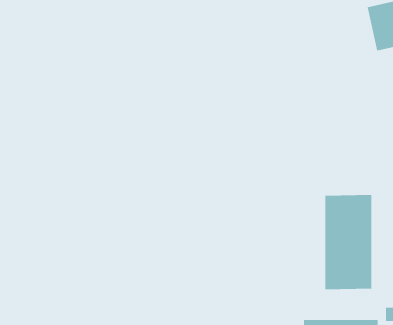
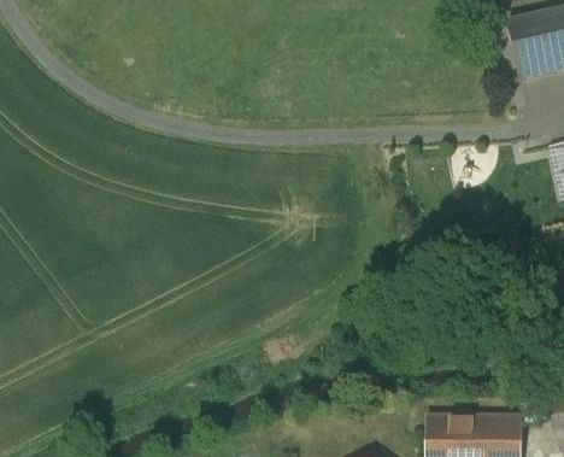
building: [325,194,372,290] -> none

